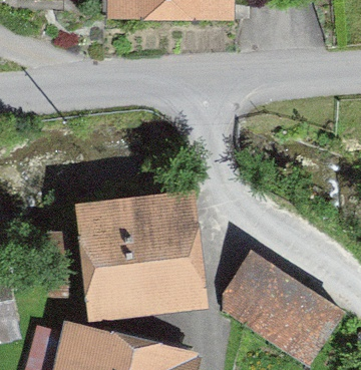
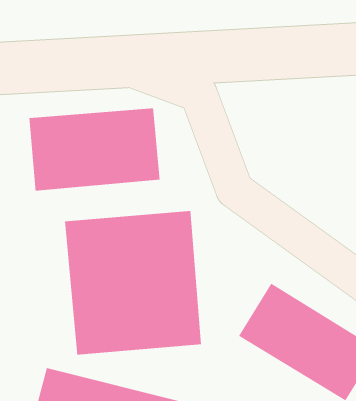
building: none -> [29,108,160,191]

